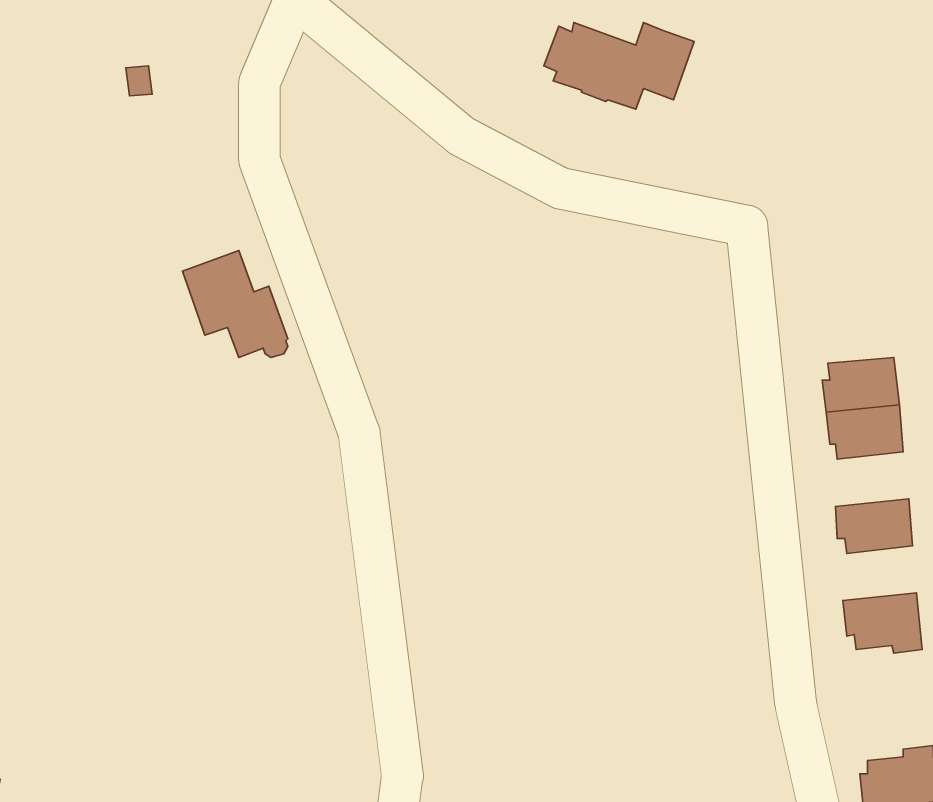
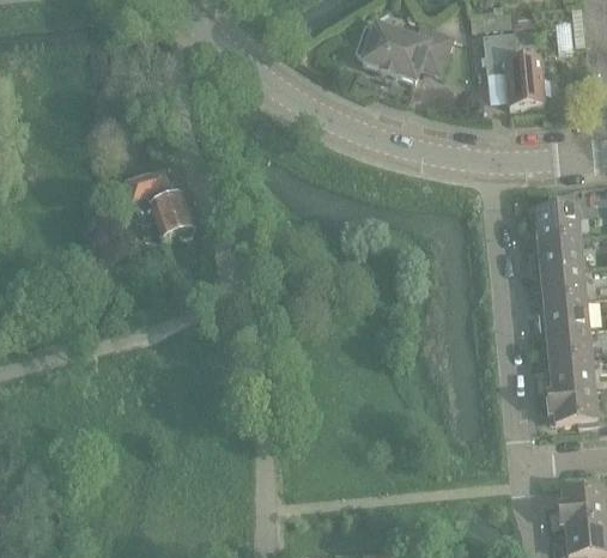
building: none -> [482,32,551,108]
building: none -> [530,193,579,242]
building: none -> [540,298,589,333]
building: none -> [546,358,594,393]

